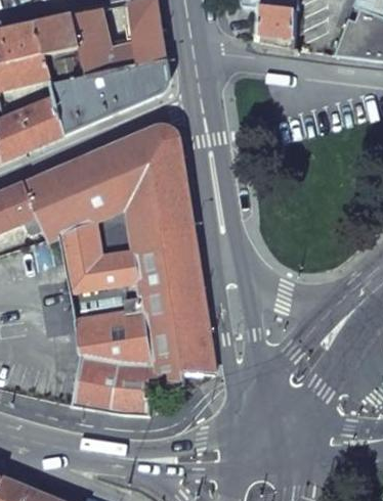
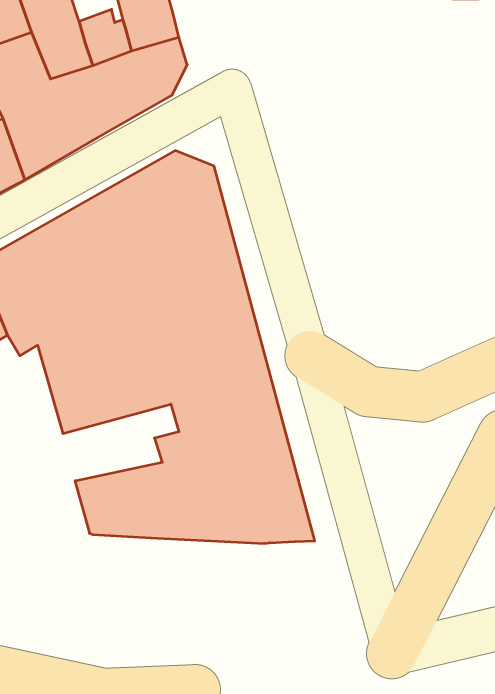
building: [69,279,139,319] -> none
building: [71,353,183,413] -> none

